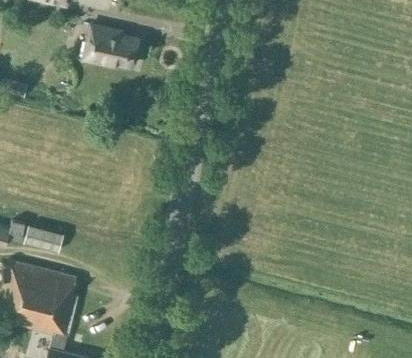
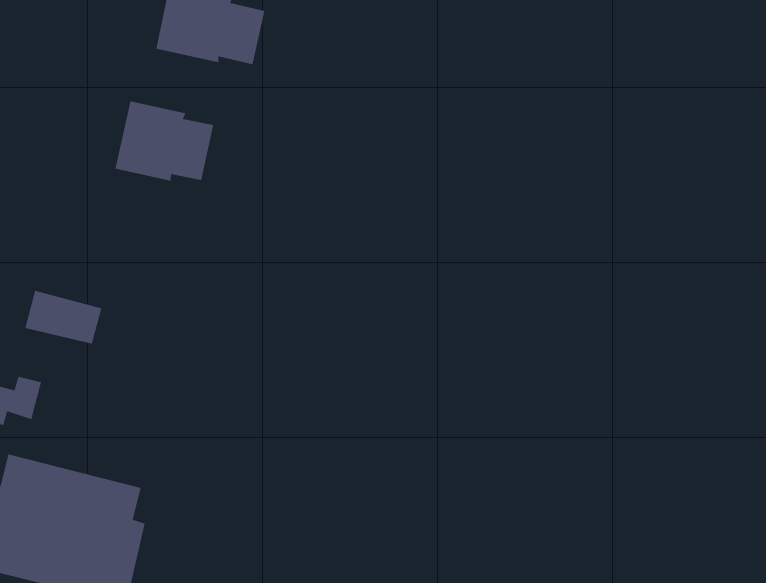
building: none -> [115,101,214,181]
building: [26,223,65,250] -> [25,290,102,344]

